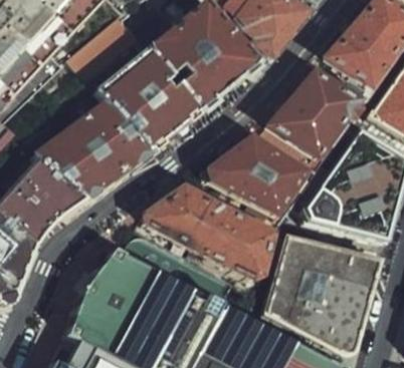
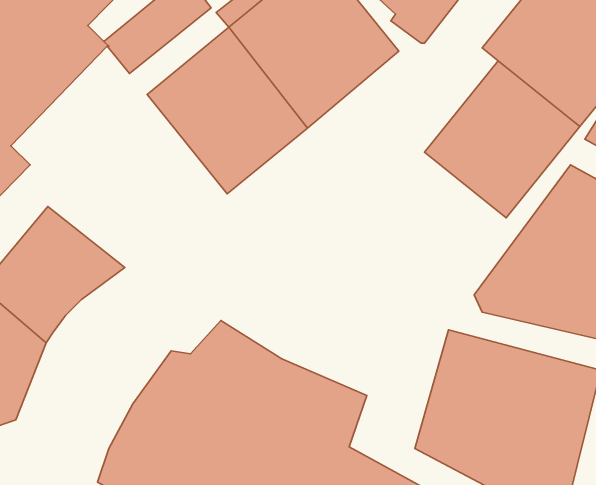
building: [30,87,148,196] -> none
building: [205,123,323,216] -> none
building: [127,181,277,285] -> none

